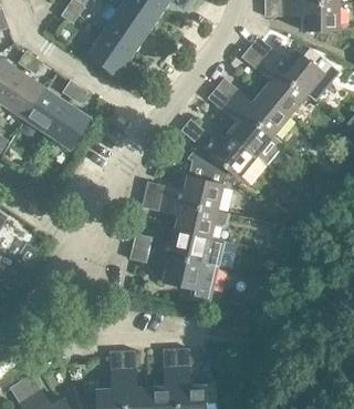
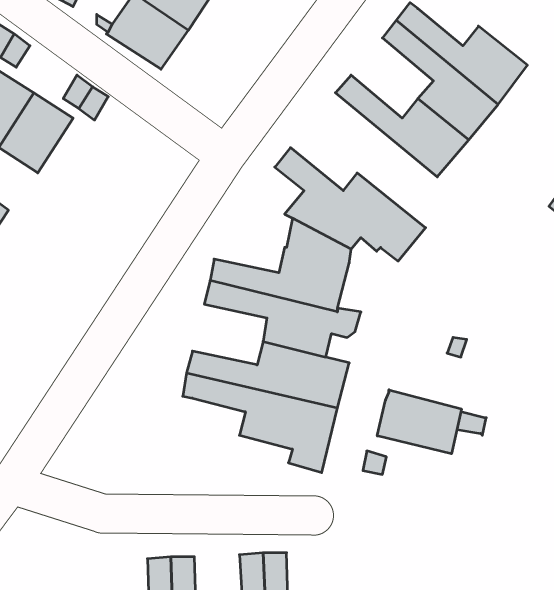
building: [209,89,284,165] -> none
building: [49,103,92,150] -> none
building: none -> [377,390,461,454]

